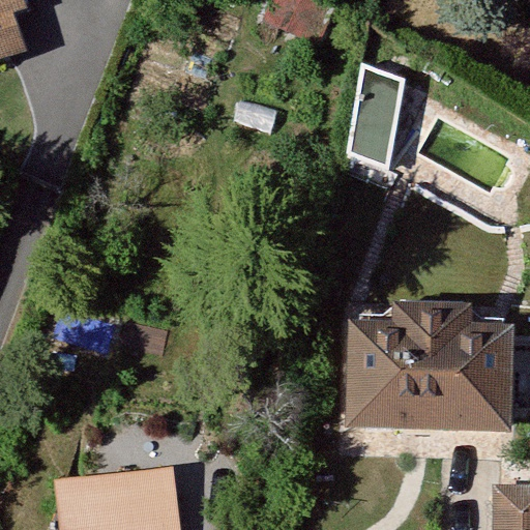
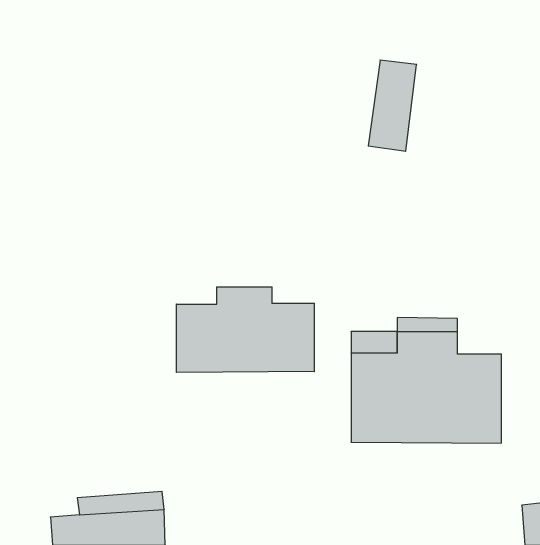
building: none -> [176,287,314,372]

